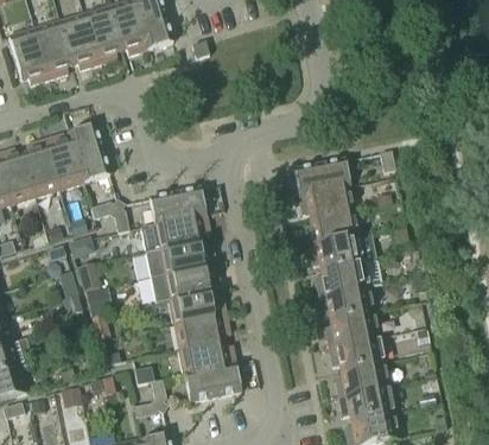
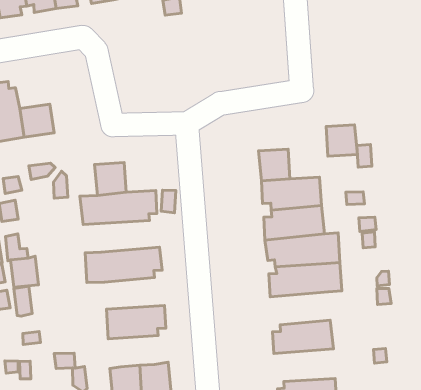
building: [68,126,102,158] -> none
building: [318,160,349,191] -> [326,125,357,156]
building: [174,190,205,221] -> none
building: [145,243,215,279] -> none
building: [318,287,374,322] -> none
building: [170,293,226,326] -> none
building: [328,337,385,371] -> none
building: [179,344,235,379] -> none

